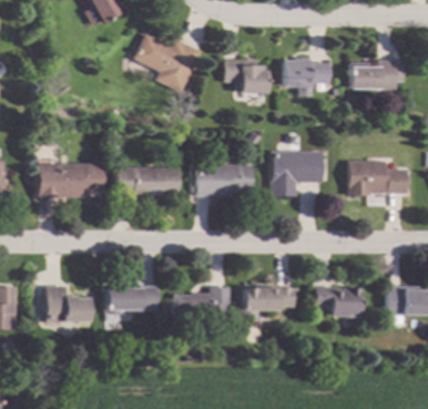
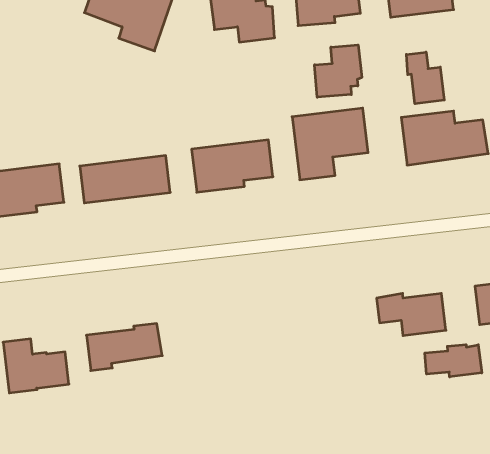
building: none -> [315,45,362,97]
building: none -> [406,52,444,104]
building: [174,287,231,319] -> none
building: [243,288,295,314] -> none
building: none -> [425,345,482,377]

